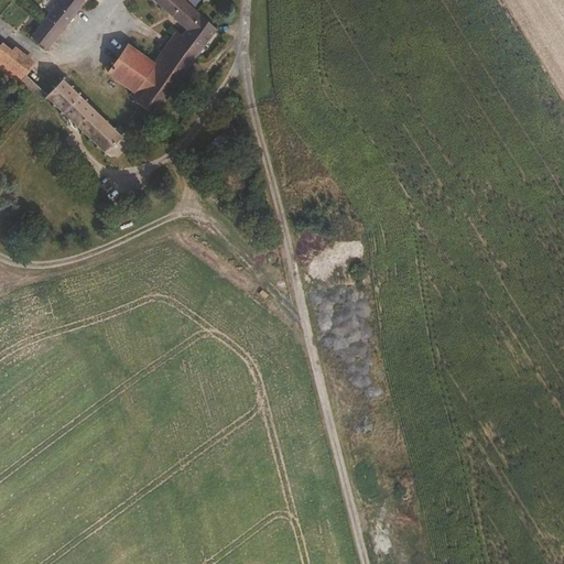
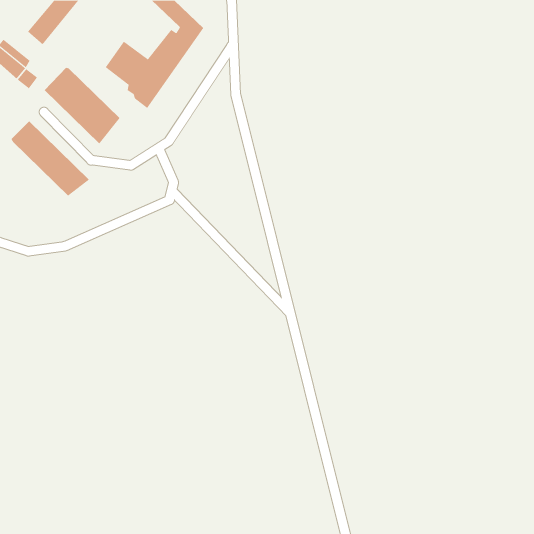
building: none -> [11,120,90,197]

